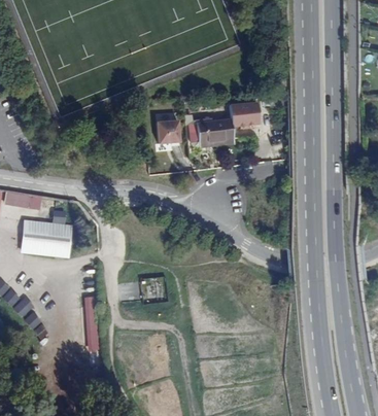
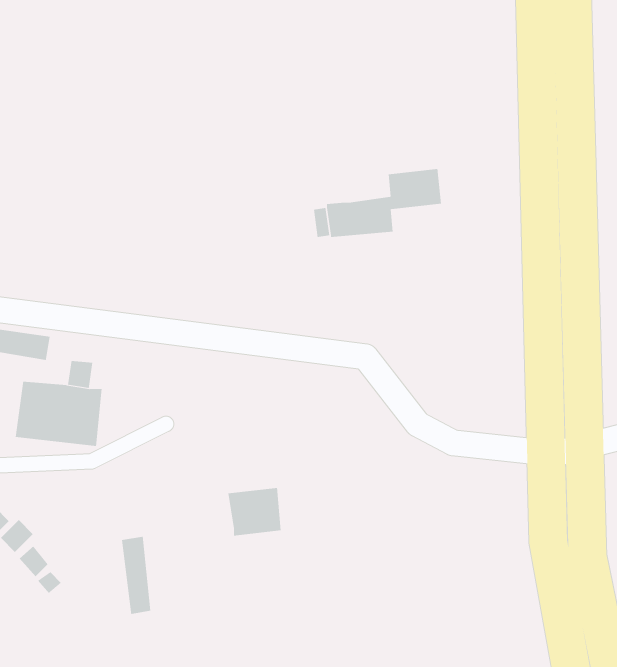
building: [154,122,176,143] -> none

